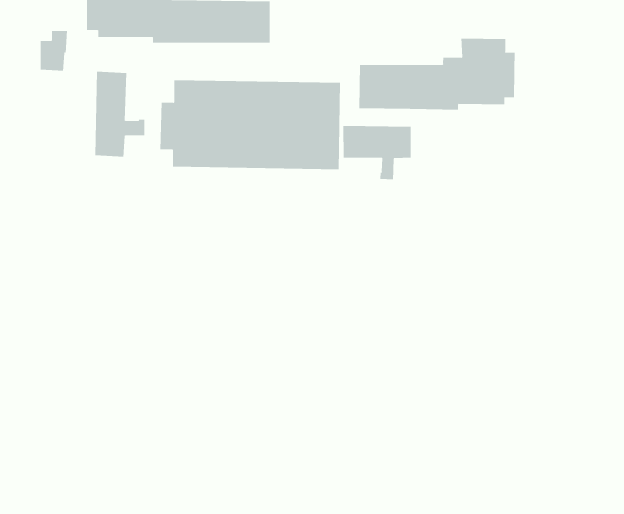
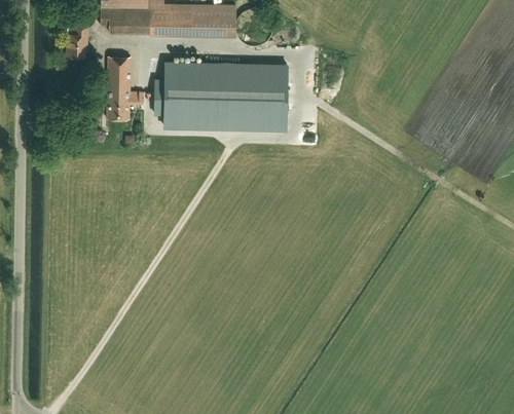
building: [359,38,515,110] -> none
building: [343,125,411,180] -> none

